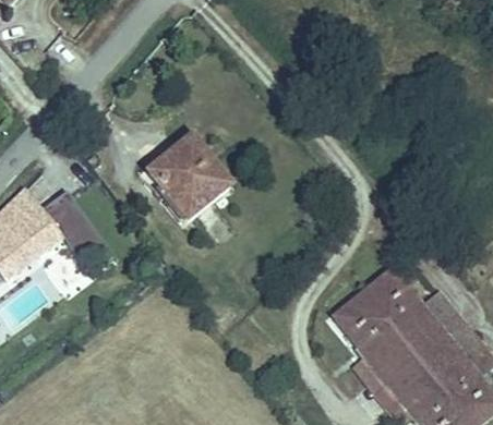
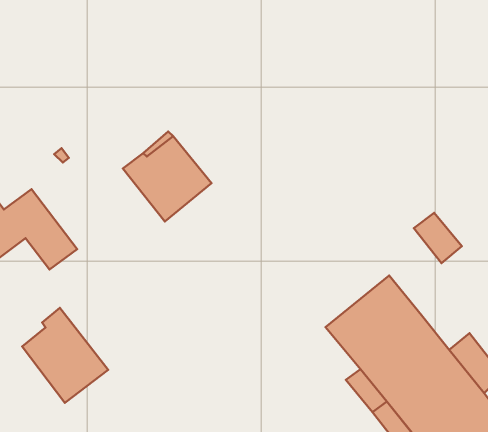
building: [421,291,465,337] -> [414,213,462,263]
building: none -> [22,308,108,403]

